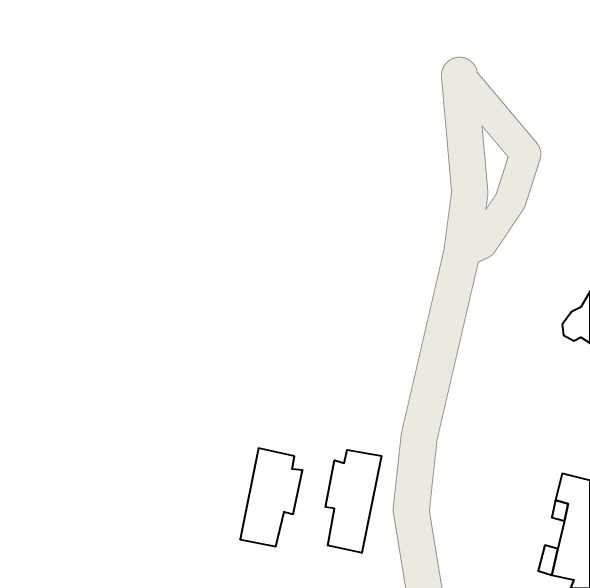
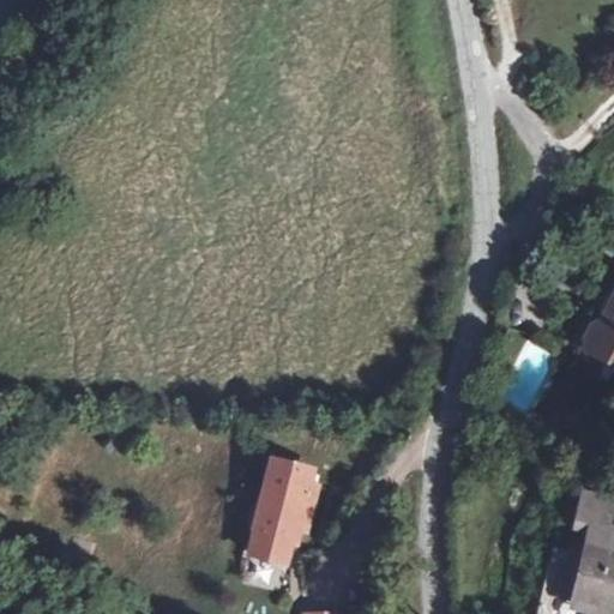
building: [325,450,381,553] -> none

